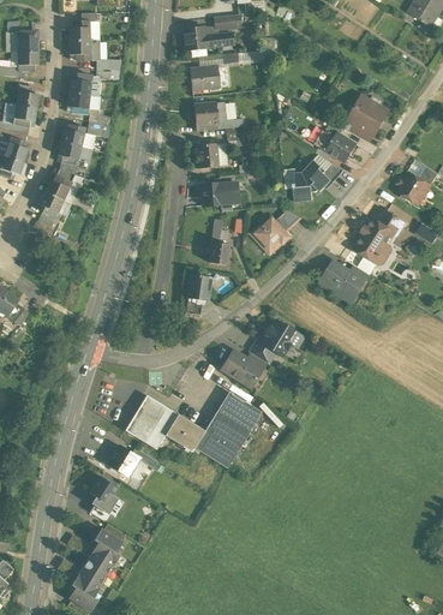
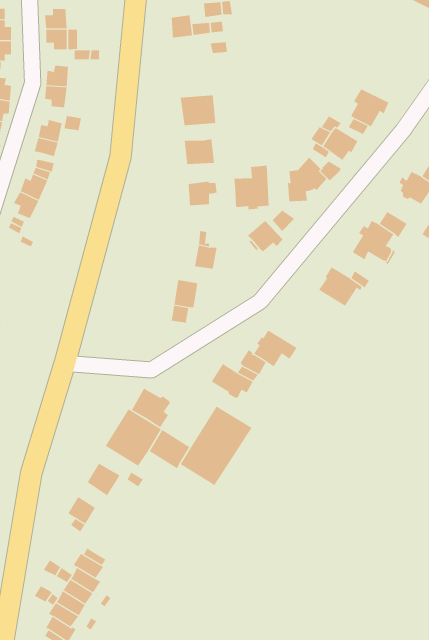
building: [191,66,229,90] -> none
building: none -> [234,165,269,210]
building: none -> [131,388,170,428]

